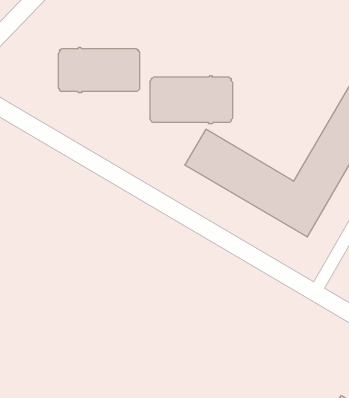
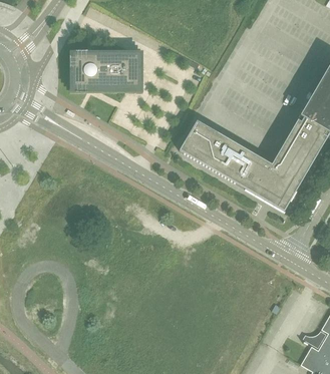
building: [150,76,232,124] -> none

